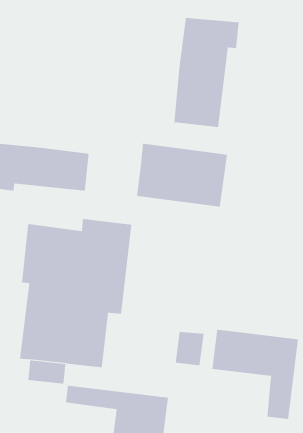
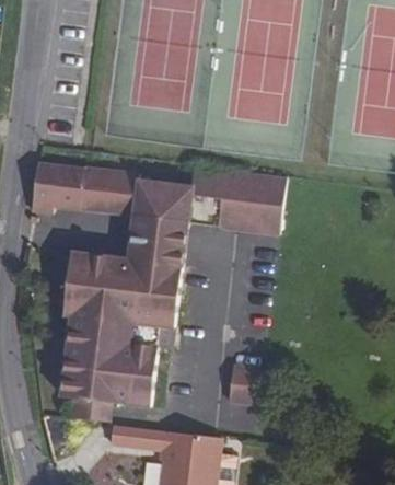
building: [174,17,239,128] -> none
building: none -> [128,181,190,252]
building: [212,329,299,420] -> none

